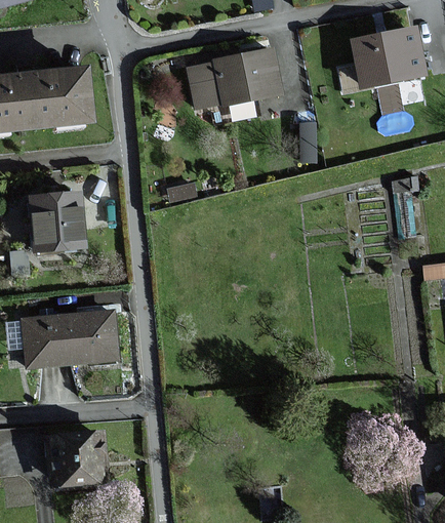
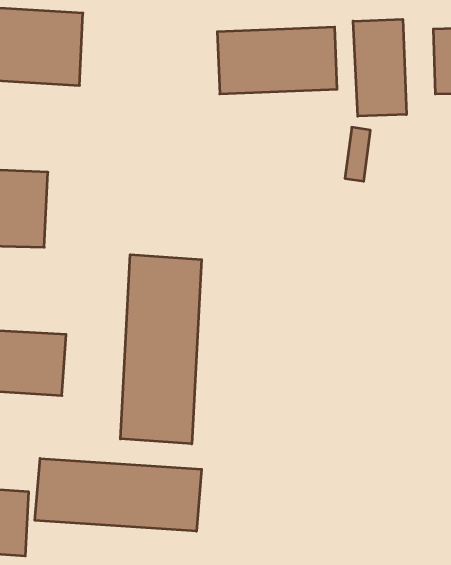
building: none -> [353,19,406,116]
building: none -> [120,255,202,444]
building: none -> [35,458,202,531]

